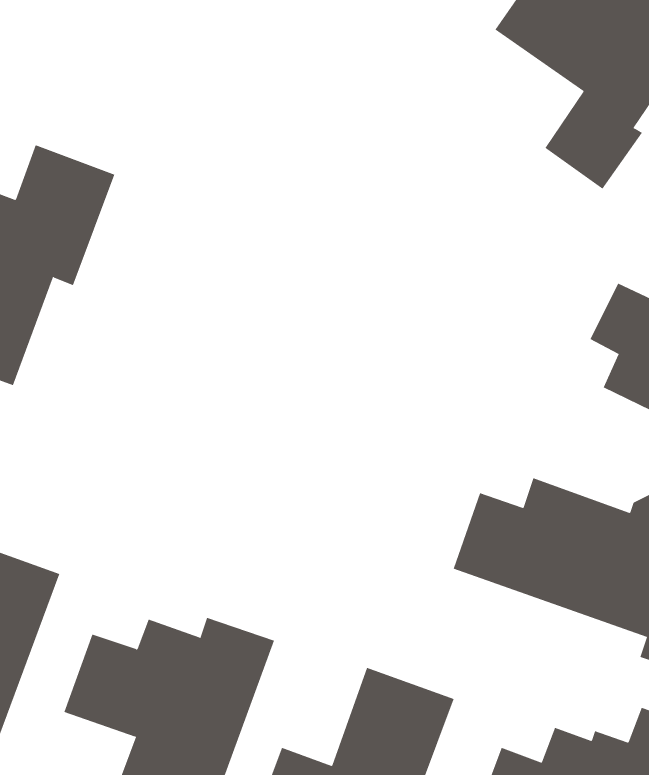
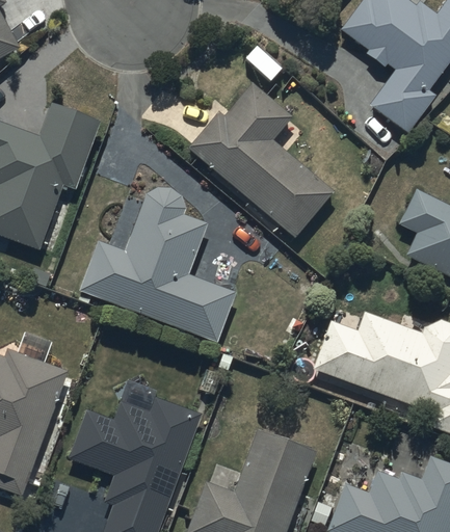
building: none -> [190,86,333,239]
building: none -> [82,191,237,343]

